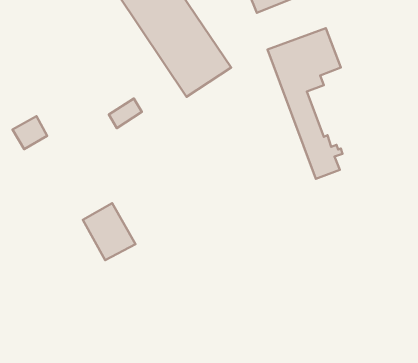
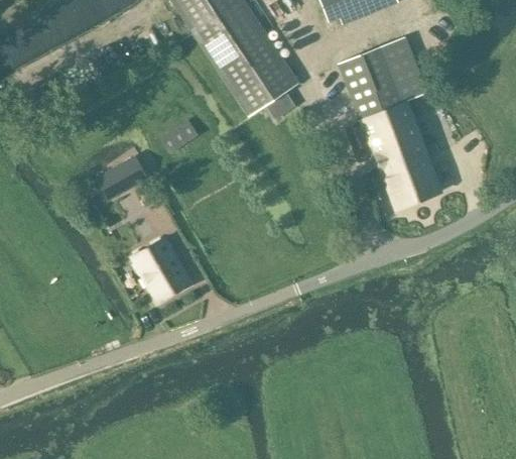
building: none -> [385,102,442,200]
building: [12,116,47,149] -> [108,157,147,195]

